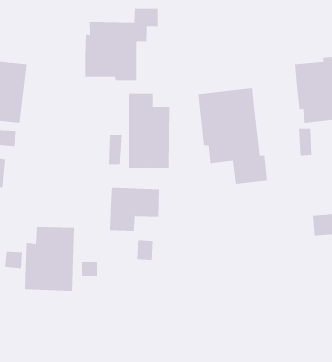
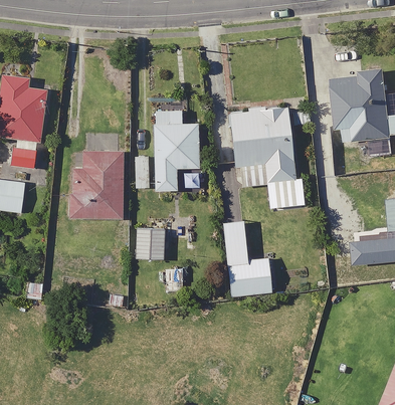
building: [85,8,158,81] -> none
building: none -> [221,219,272,296]
building: [24,227,75,291] -> [69,150,124,219]

